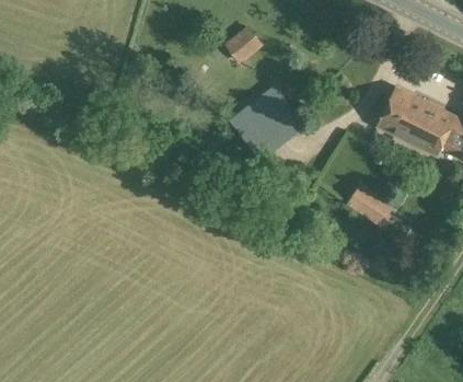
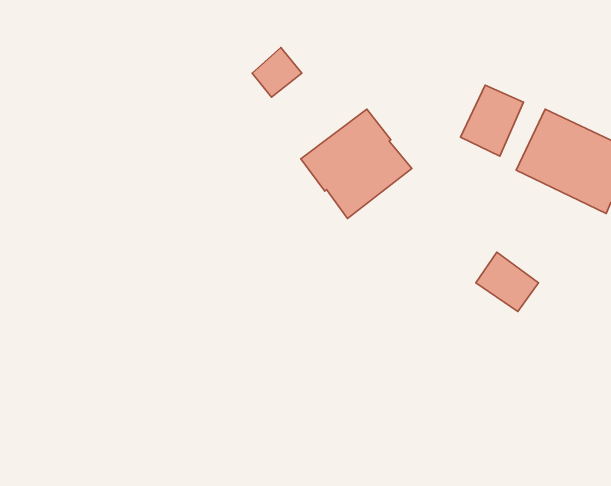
building: [227,28,261,62] -> [252,47,302,97]
building: none -> [461,85,524,156]

